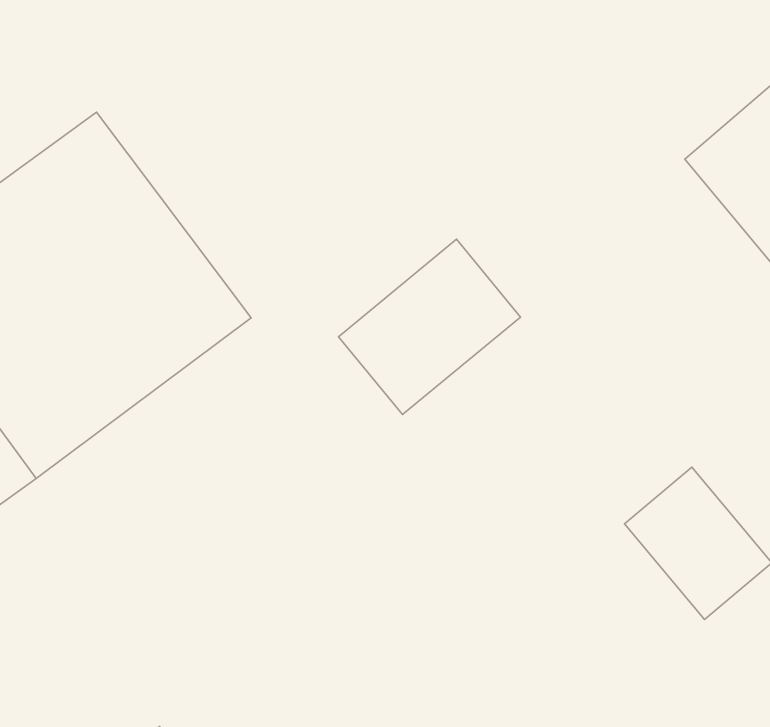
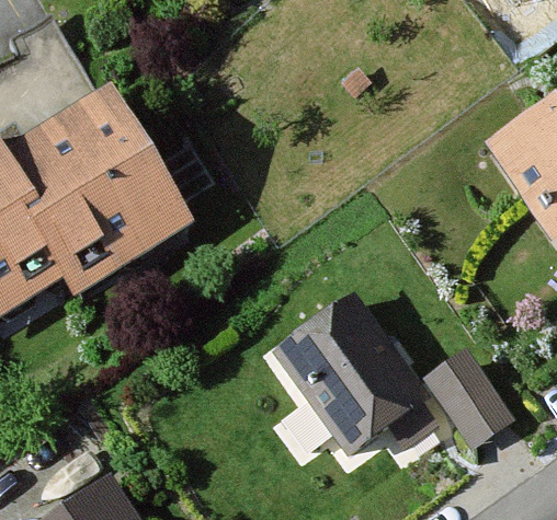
building: [338,239,521,415] -> none
building: none -> [262,288,433,473]

